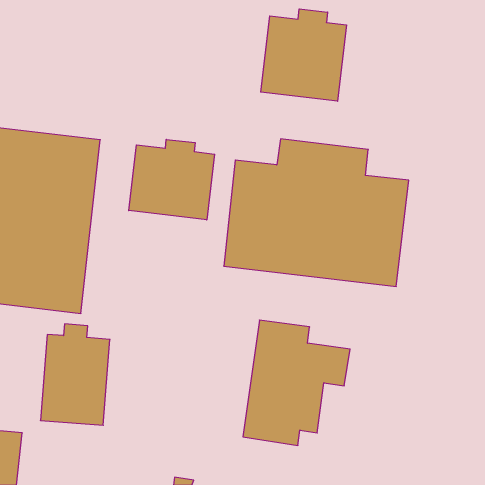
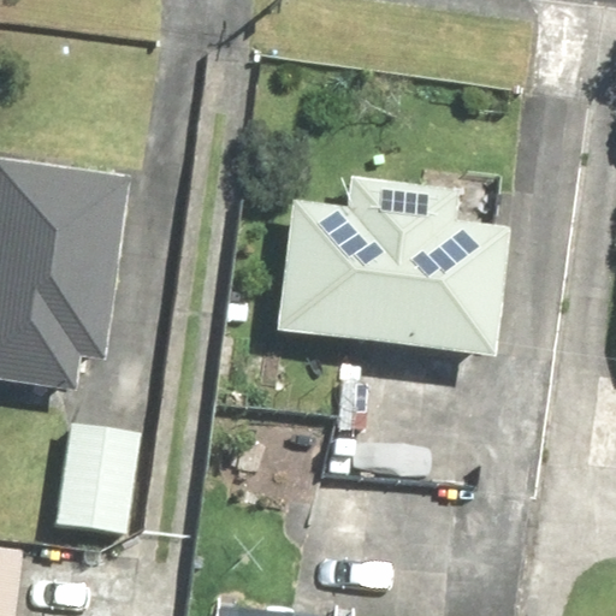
building: [261,9,346,101] -> none
building: [129,139,215,220] -> none

